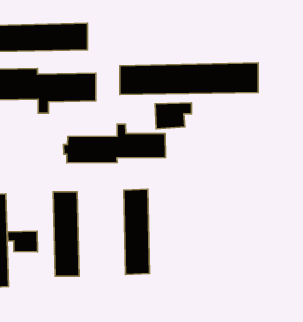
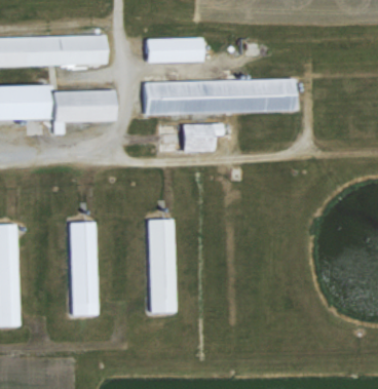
building: none -> [146,38,204,63]
building: [64,124,166,163] -> none
building: [7,231,37,252] -> none

